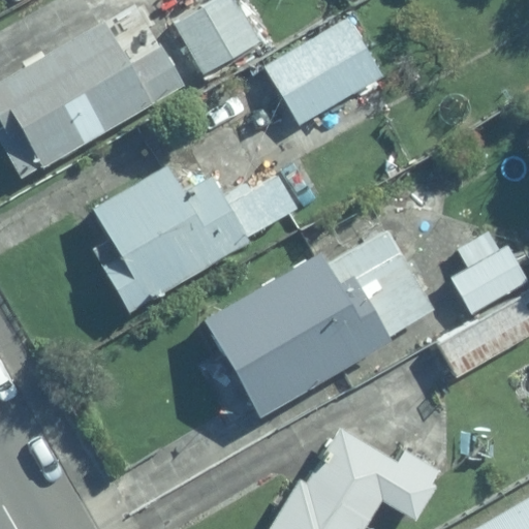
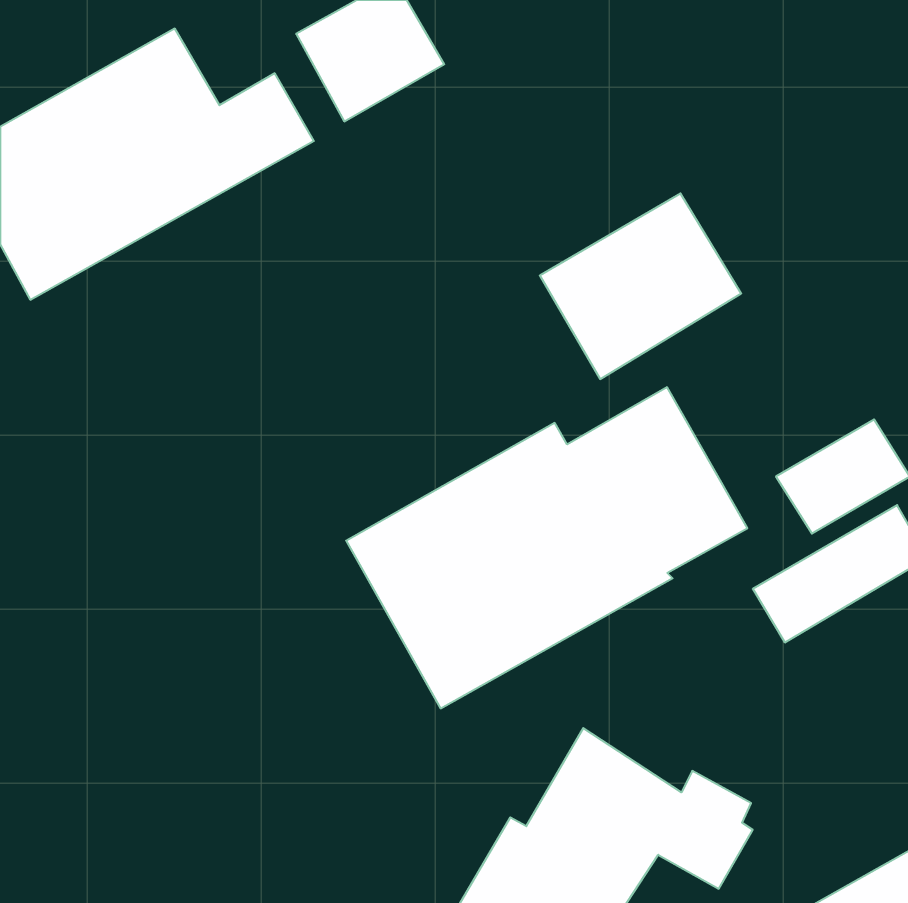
building: [266,21,382,128] -> [540,193,741,379]
building: [92,164,297,314] -> none

